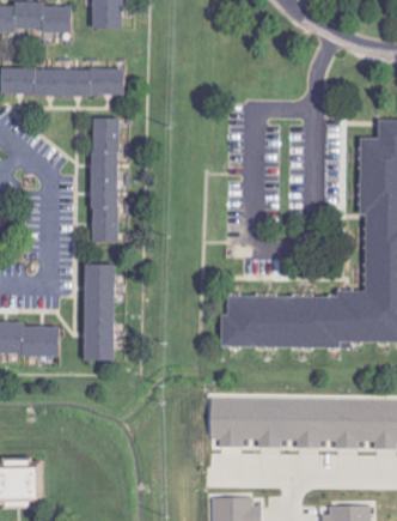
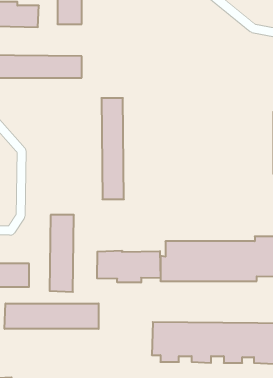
building: [91,119,118,243] -> [101,98,124,199]
building: none -> [97,251,160,283]
building: none -> [5,303,99,329]

